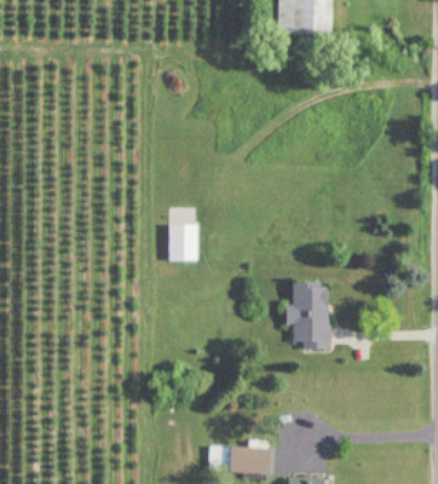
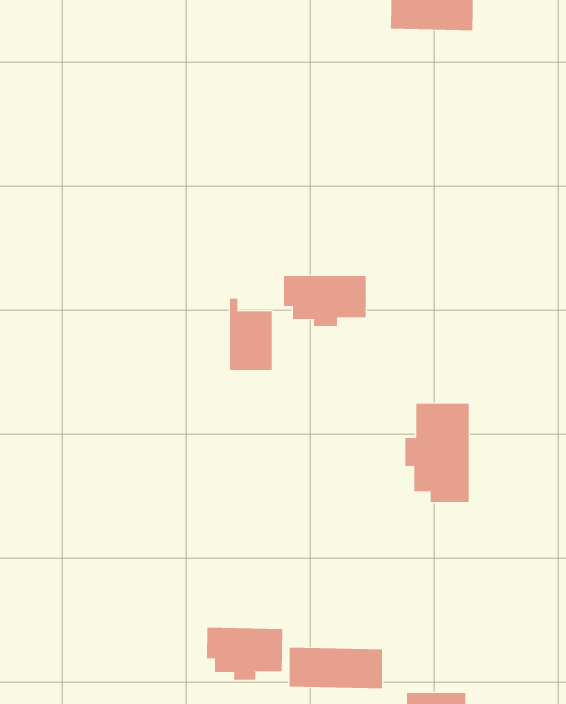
building: none -> [283,275,366,327]
building: none -> [206,627,283,680]

